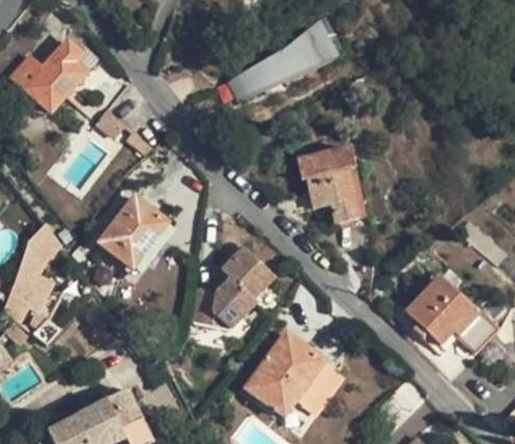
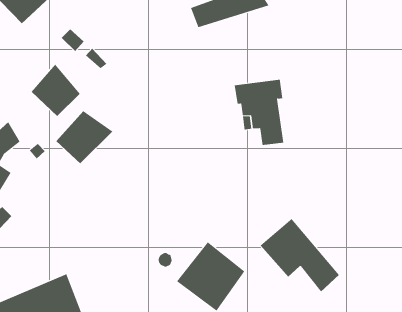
building: none -> [31,64,81,117]
building: [191,248,275,326] -> none
building: [406,275,499,356] -> [260,218,340,292]

